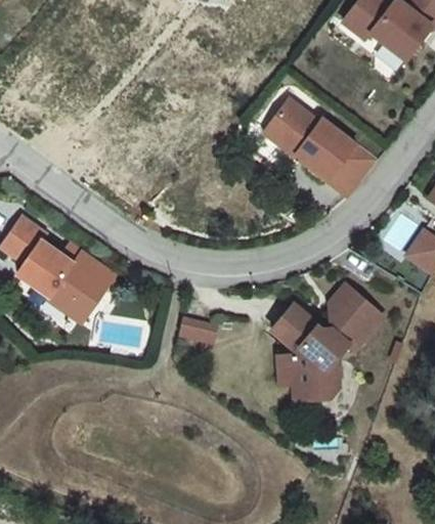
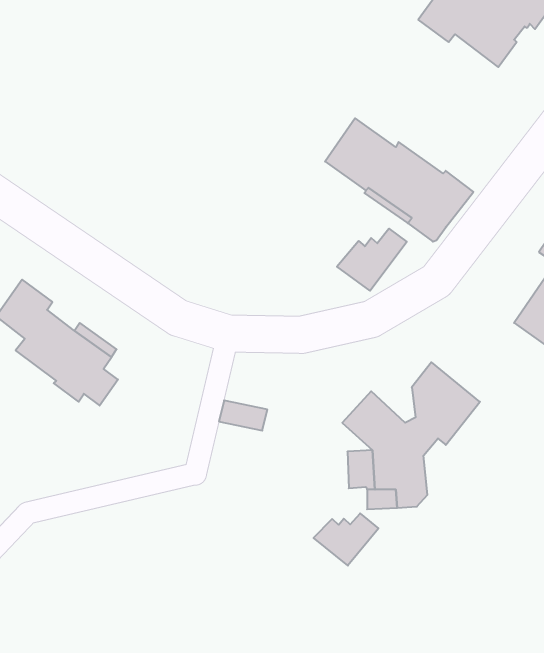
building: none -> [337,229,407,291]
building: none -> [314,513,378,566]

